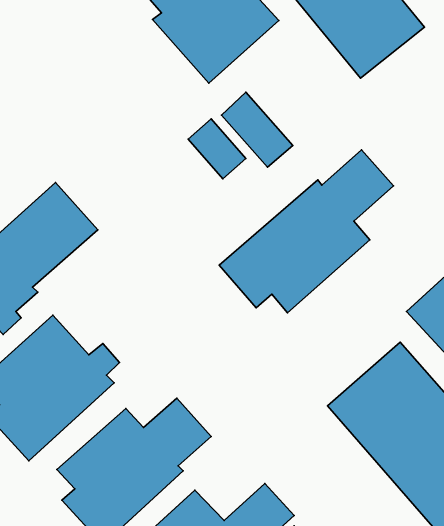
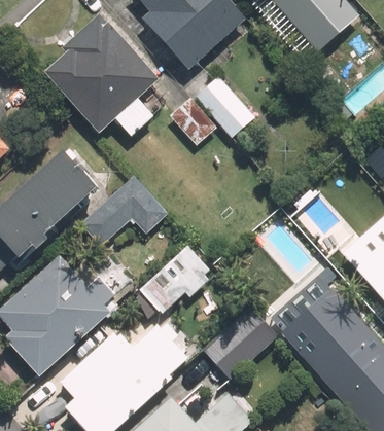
building: none -> [42,15,155,136]
building: [219,150,393,313] -> none
building: none -> [85,179,168,245]
building: none -> [143,249,216,320]
building: none -> [204,311,275,380]

